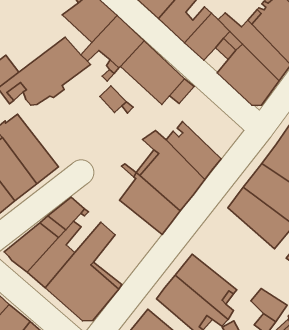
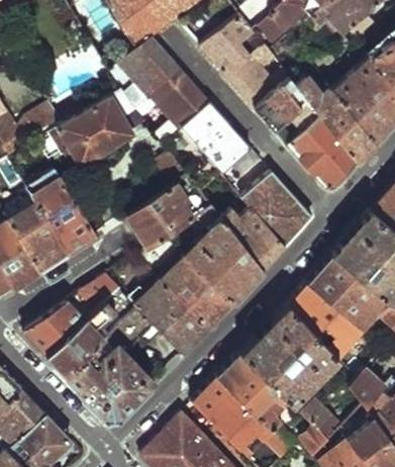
building: none -> [242,171,309,248]
building: none -> [128,187,192,248]
building: none -> [130,284,208,354]
building: none -> [240,305,336,406]

